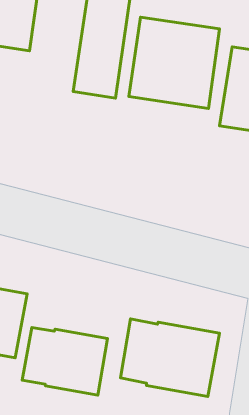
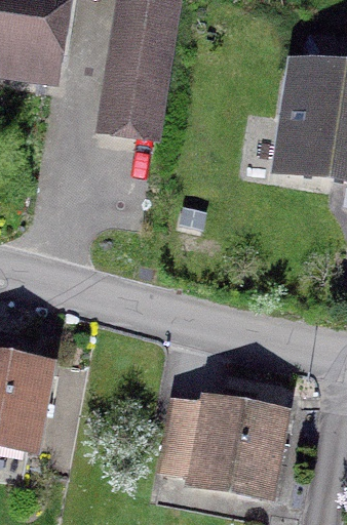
building: [129,17,220,108] -> none
building: [22,328,108,395] -> none

